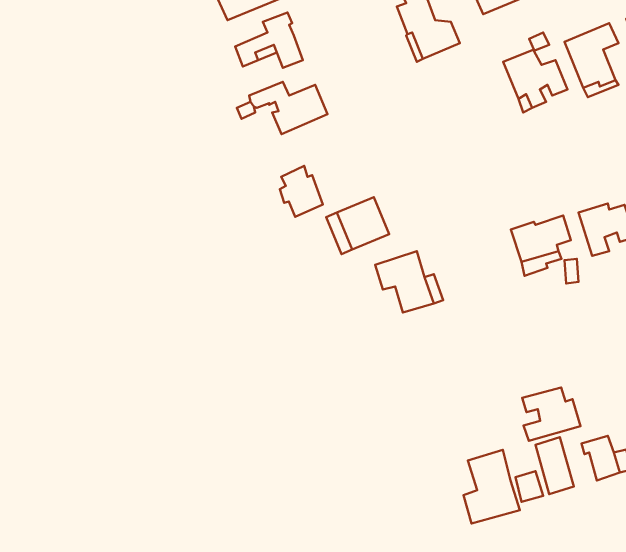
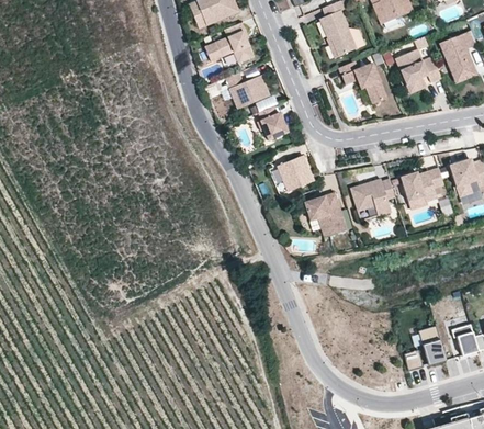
building: none -> [338,60,386,103]
building: [280,166,323,217] -> [257,104,288,140]
building: none -> [350,178,395,214]
building: [522,387,580,441] -> none
building: [463,450,520,523] -> none

